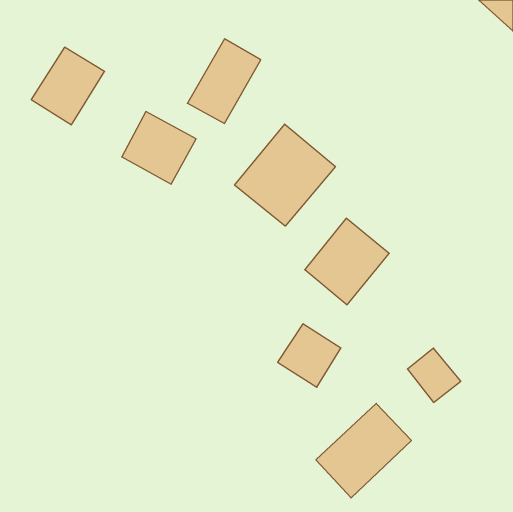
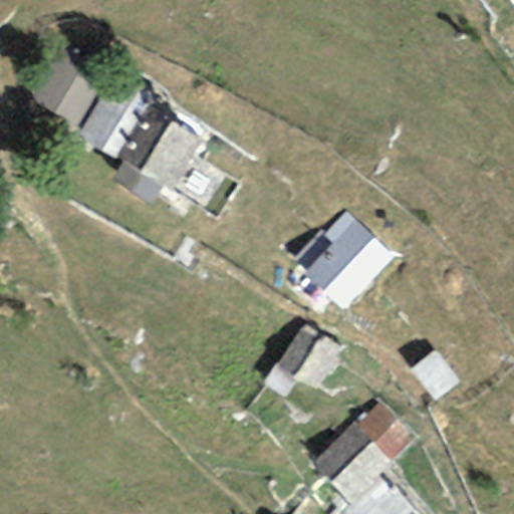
building: [187,39,261,123] -> [76,72,150,157]
building: [235,124,335,226] -> none

